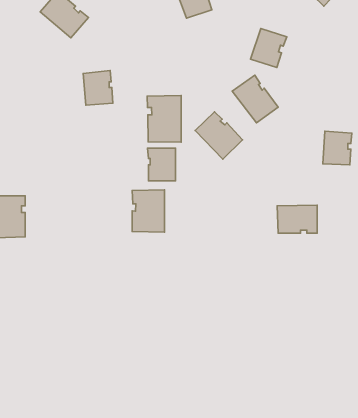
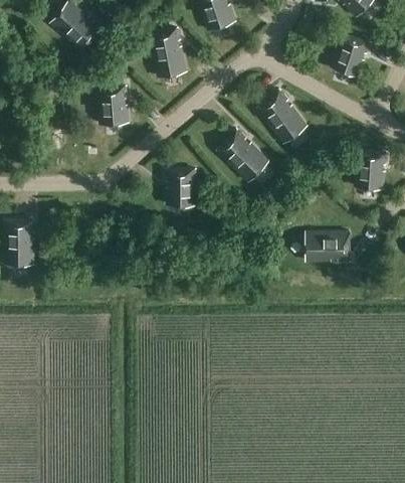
building: none -> [150,28,187,76]
building: [251,28,287,68] -> [332,33,371,75]
building: [147,95,181,142] -> none
building: [132,190,164,232] -> none

